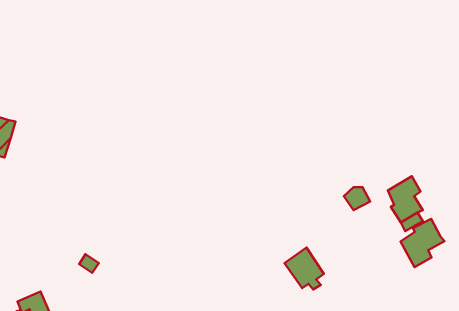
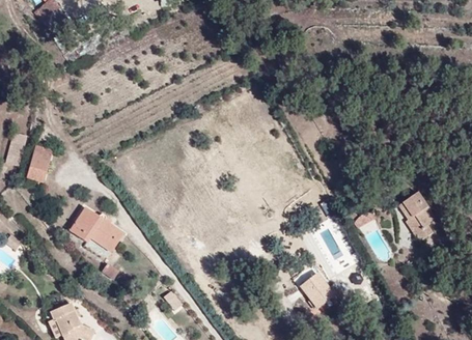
building: none -> [77,212,136,262]
building: [400,219,444,267] -> none

